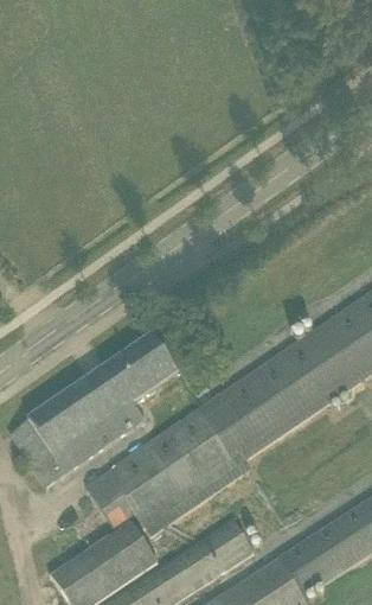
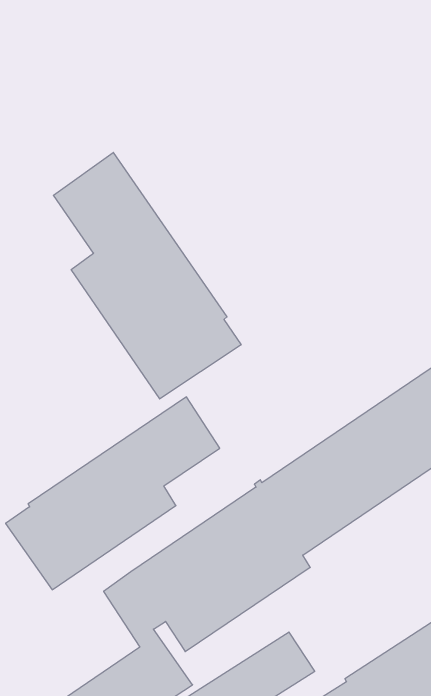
building: none -> [53,152,241,399]

